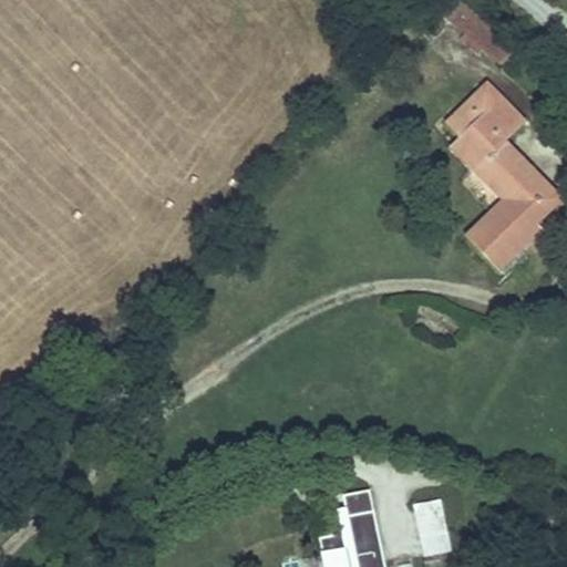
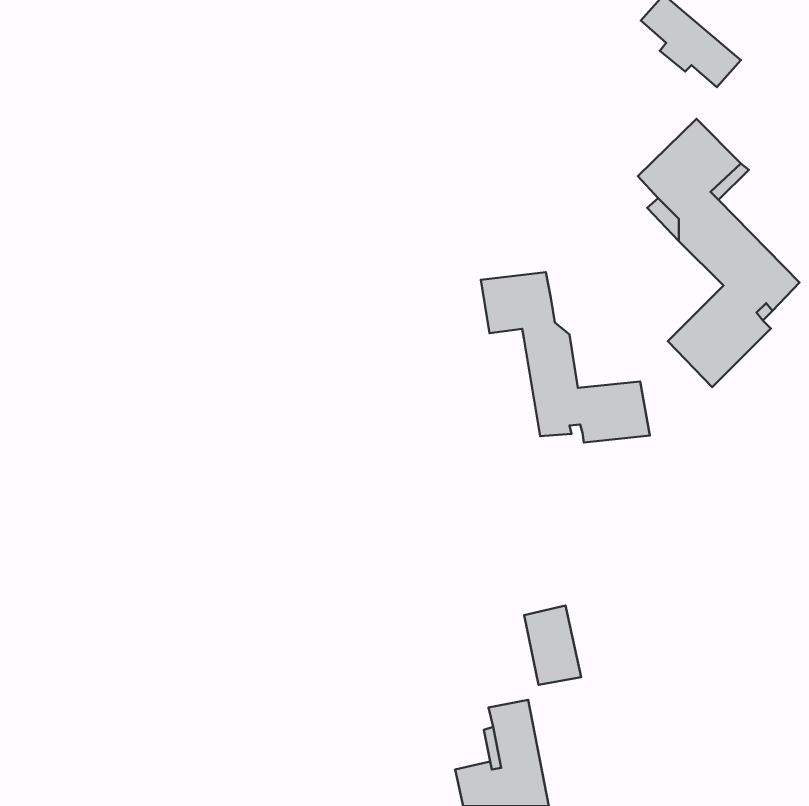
building: none -> [481,272,650,442]
building: [413,497,453,553] -> [524,606,581,685]

